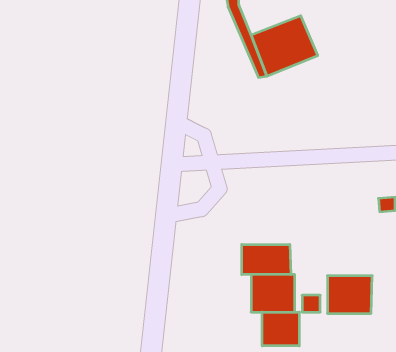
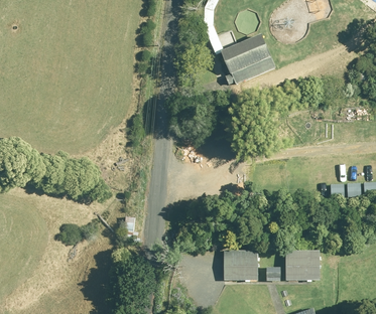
building: [242,244,291,275] -> none
building: [262,312,299,346] -> none

